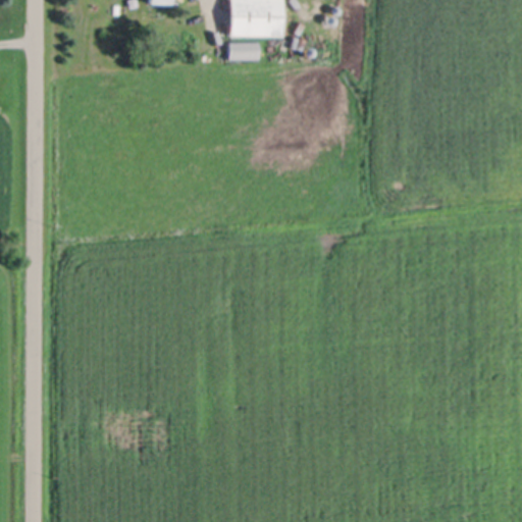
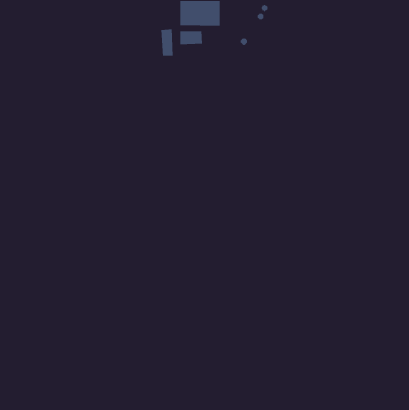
building: none -> [161,29,174,57]

